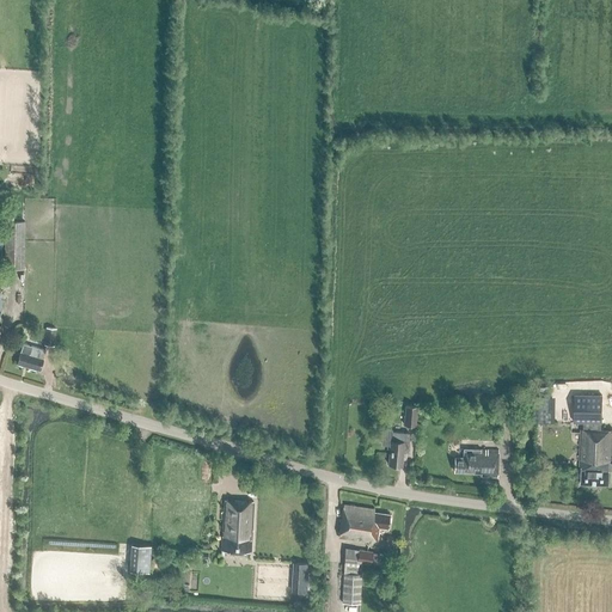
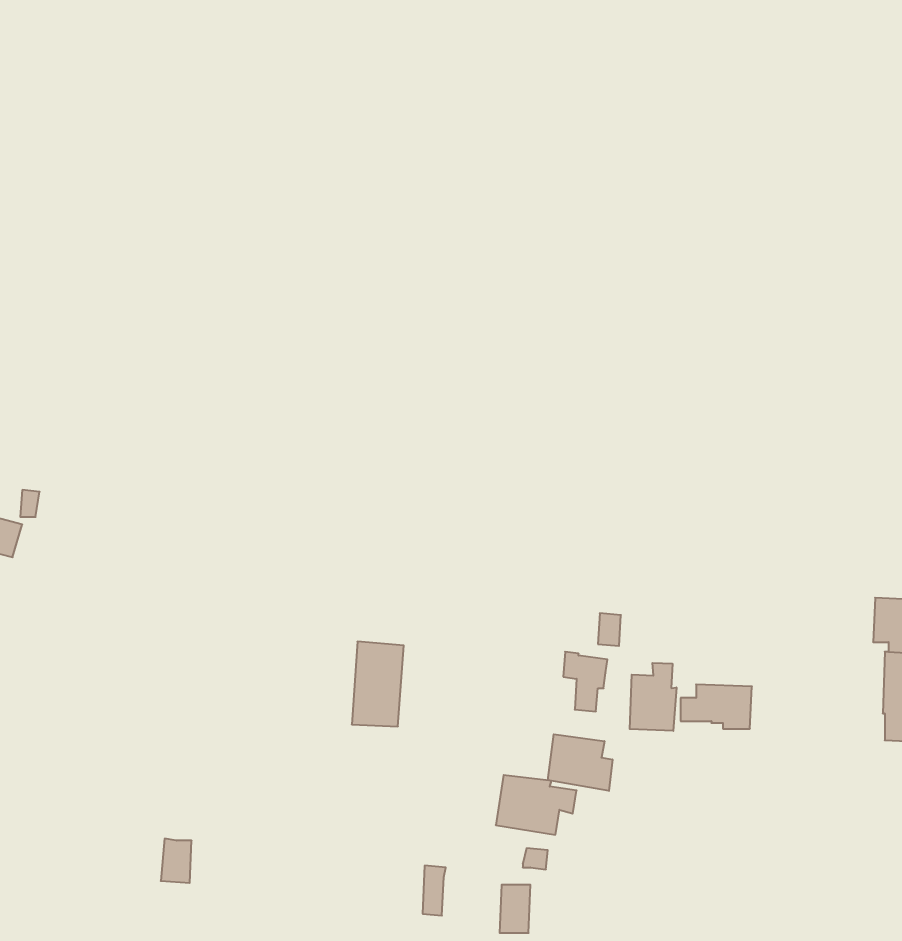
building: none -> [630,663,676,731]
building: none -> [548,734,612,791]
building: [221,498,253,551] -> [352,642,404,726]

